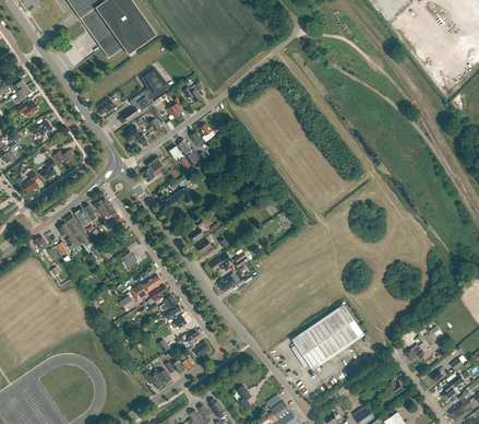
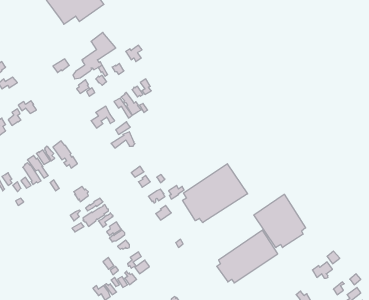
building: none -> [183,164,248,223]
building: none -> [254,194,306,248]

